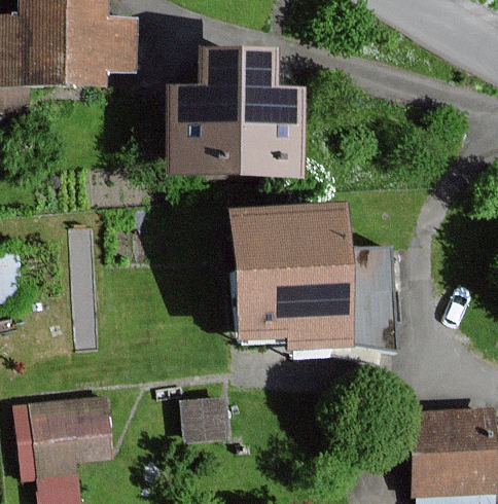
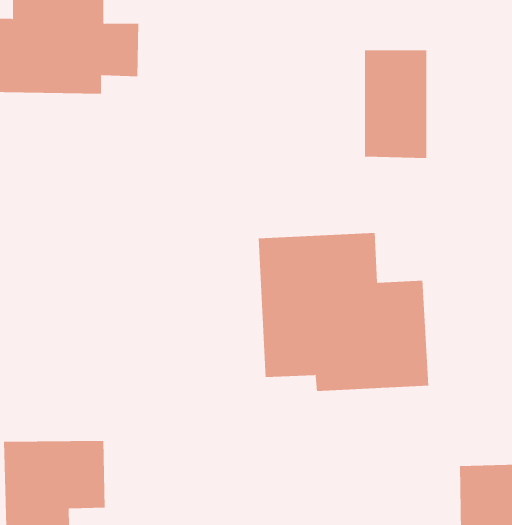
building: none -> [364,50,427,159]
building: [173,52,300,174] -> none

